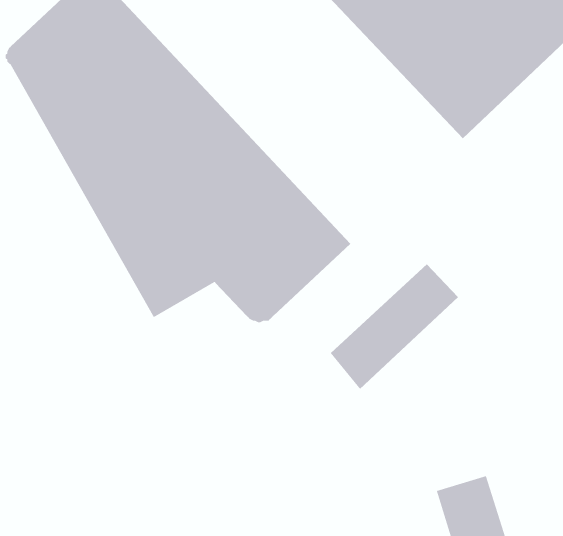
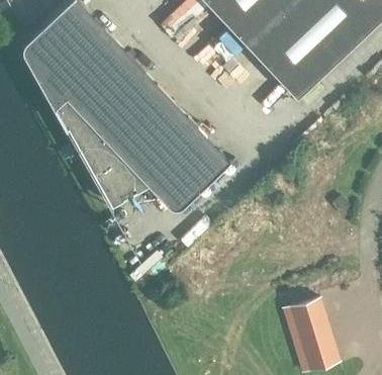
building: [330,264,459,390] -> none

